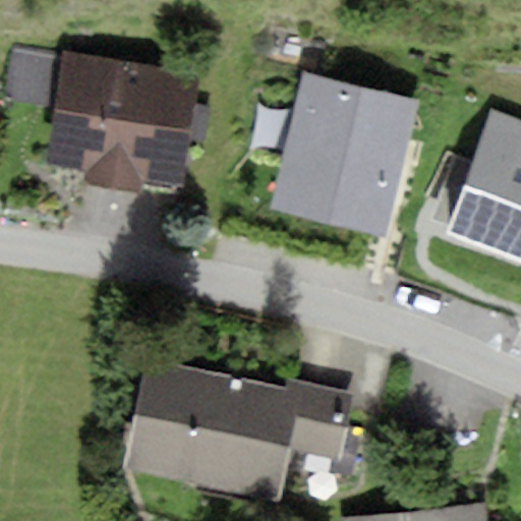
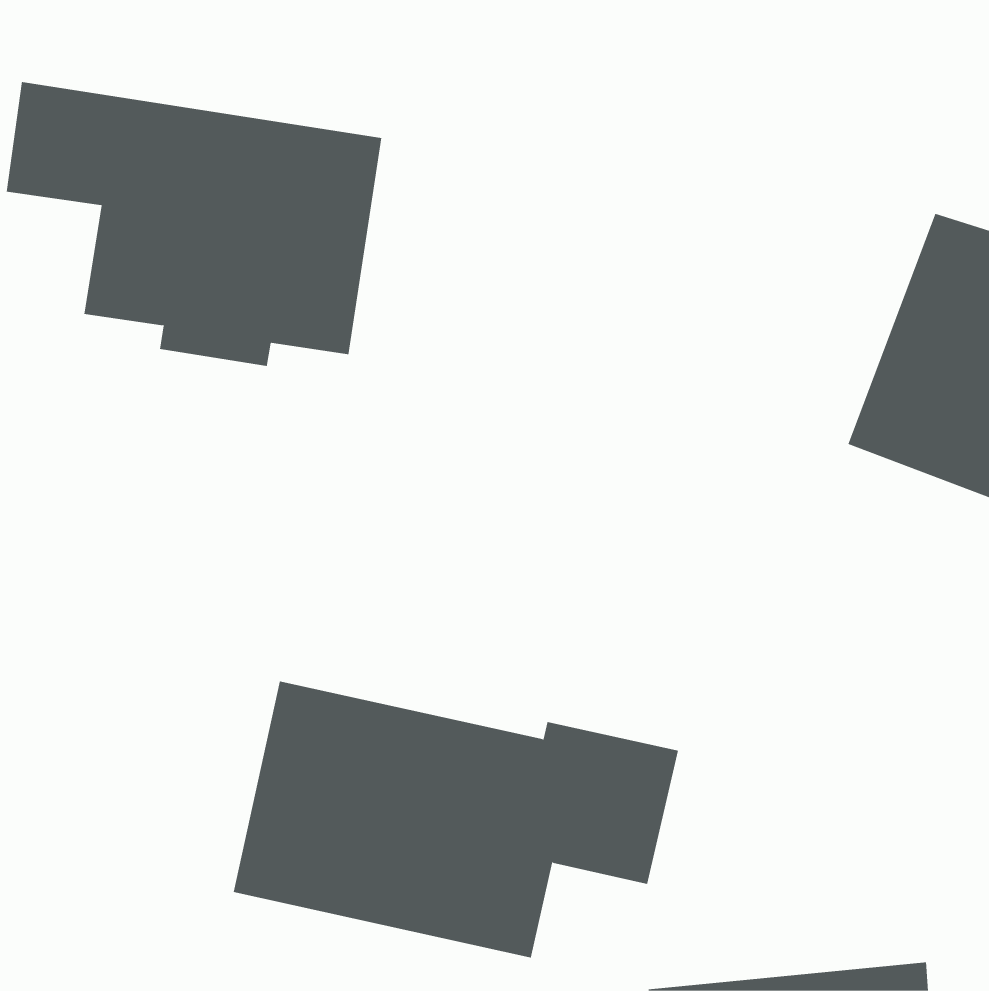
building: [270,73,418,236] -> none

